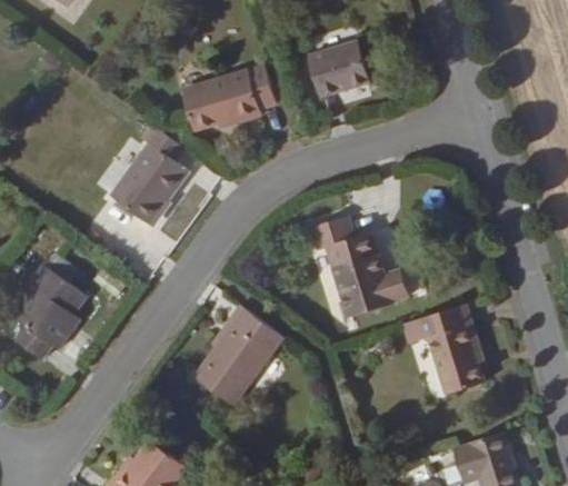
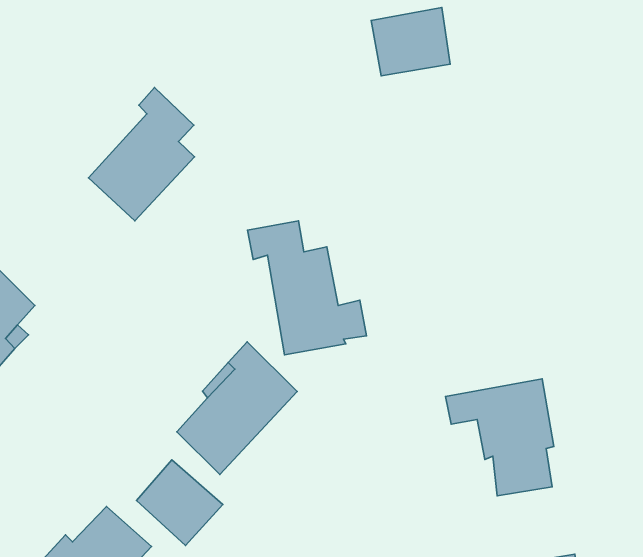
building: [181,65,276,128] -> none
building: [310,217,407,317] -> [248,221,366,355]
building: none -> [136,460,223,545]

